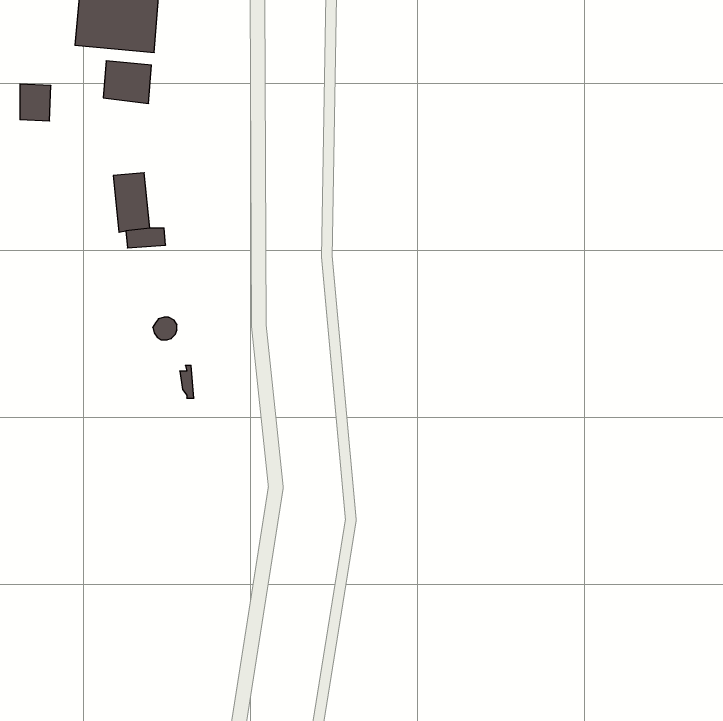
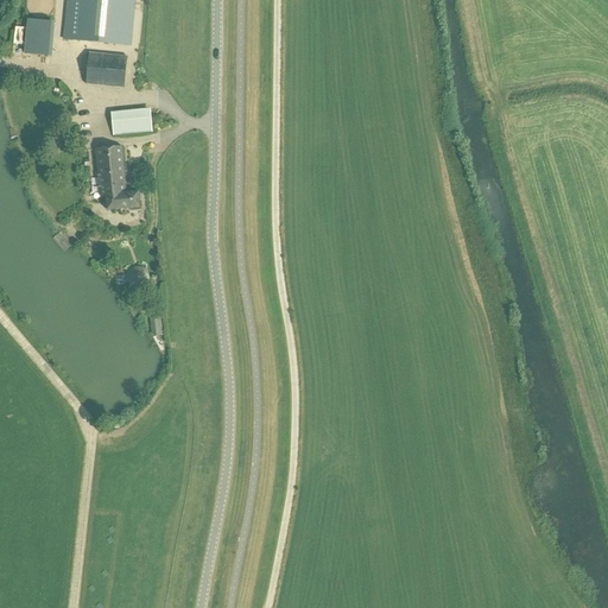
building: [20,84,51,121] -> [30,18,56,49]
building: none -> [110,109,151,133]

